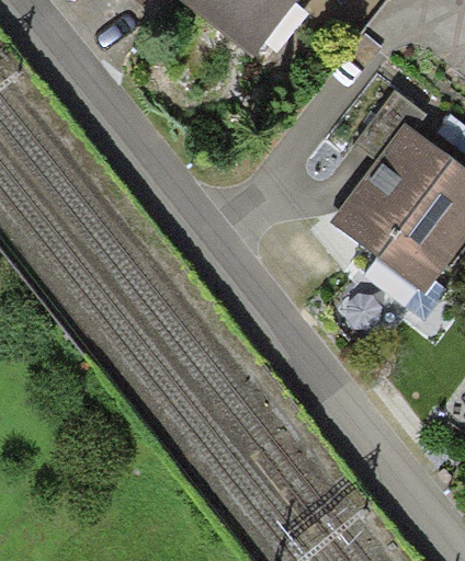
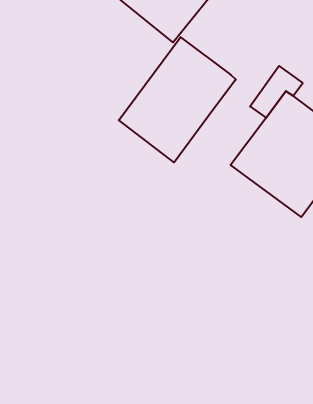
building: none -> [119,37,236,162]

